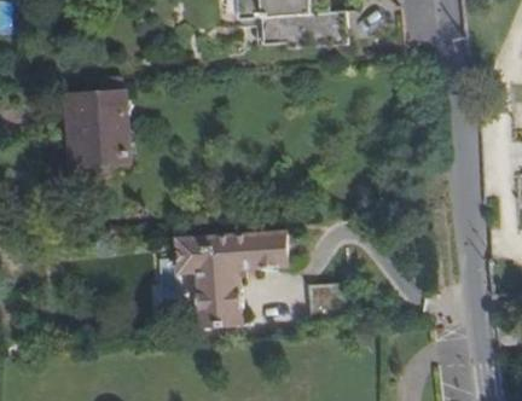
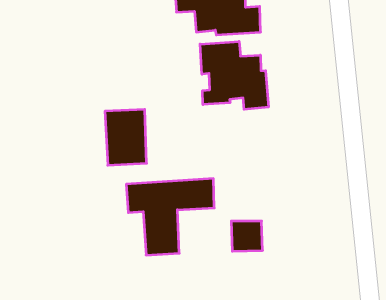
building: none -> [200,41,268,109]
building: [69,93,122,164] -> [105,109,147,165]

